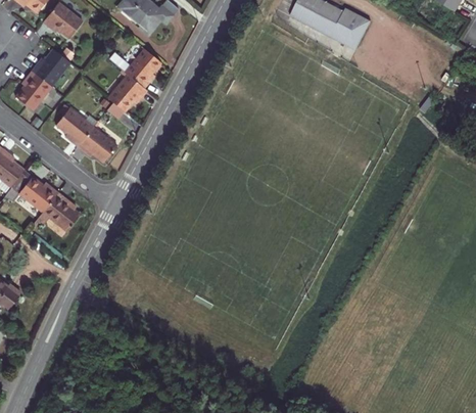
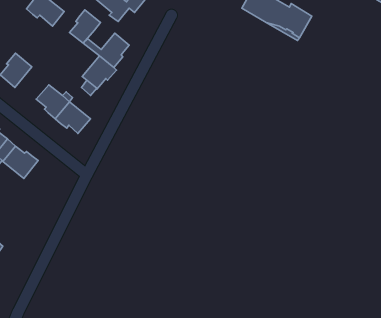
building: none -> [70,10,100,43]
building: [32,48,70,86] -> none
building: [36,192,79,232] -> none

